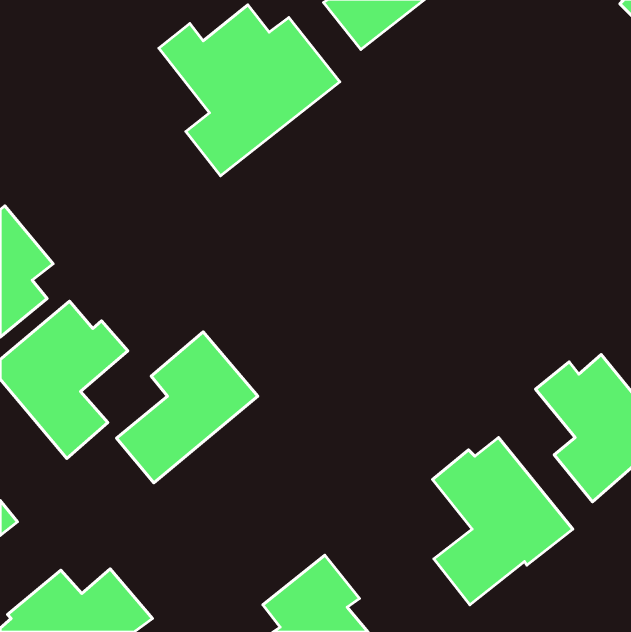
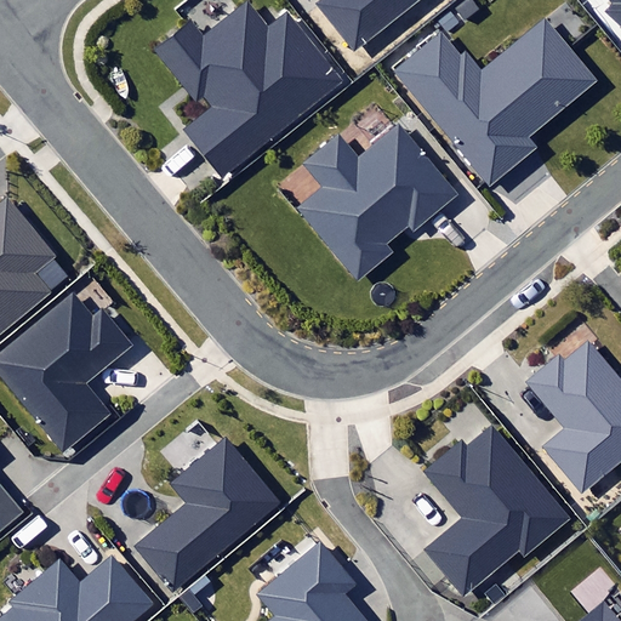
building: none -> [395,18,593,186]
building: none -> [300,127,456,281]
building: [117,332,258,483] -> [138,440,277,588]

